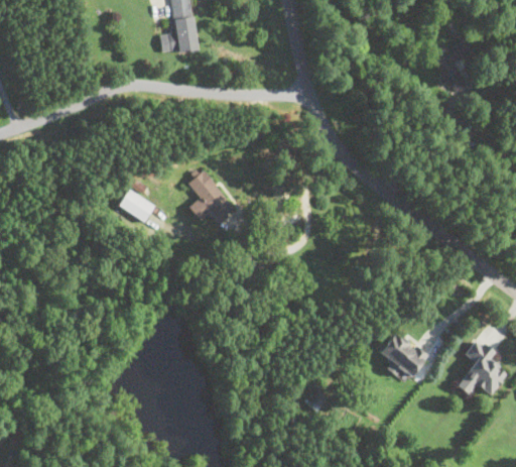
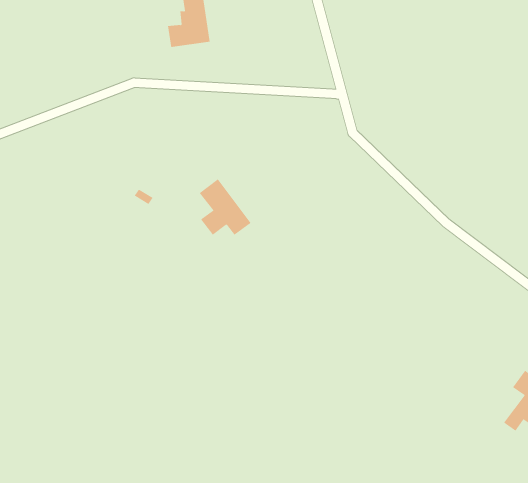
building: [120,189,155,222] -> none
building: [379,331,427,376] -> none

